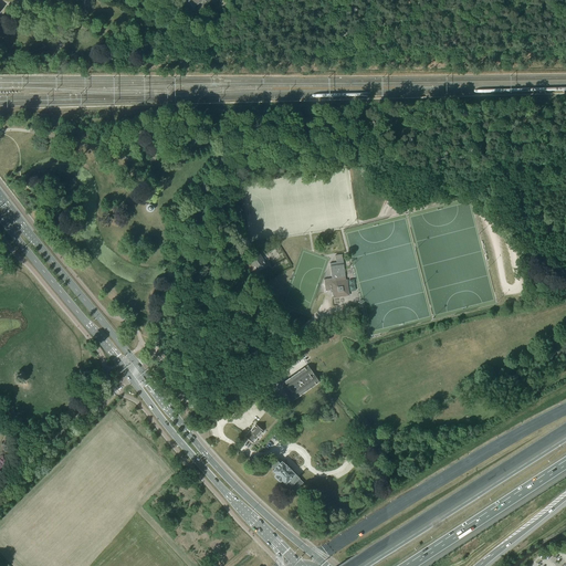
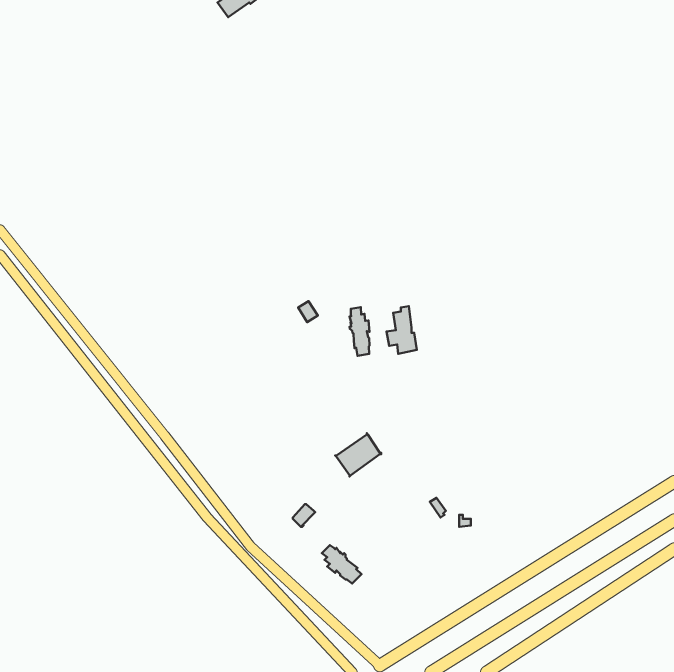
building: none -> [349,307,370,356]

